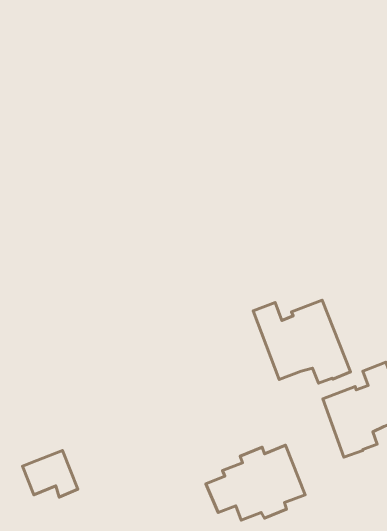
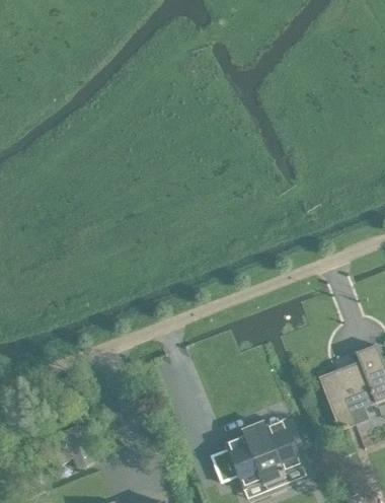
building: [253,300,350,383] -> none

